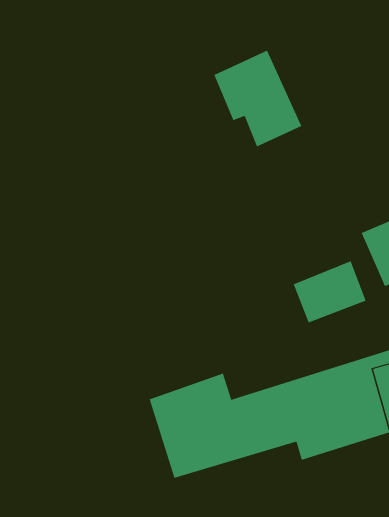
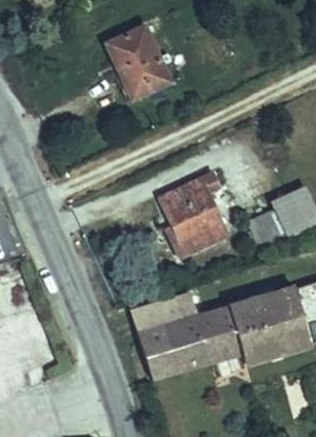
building: [214,50,302,147] -> [94,32,160,104]
building: none -> [147,184,212,266]

